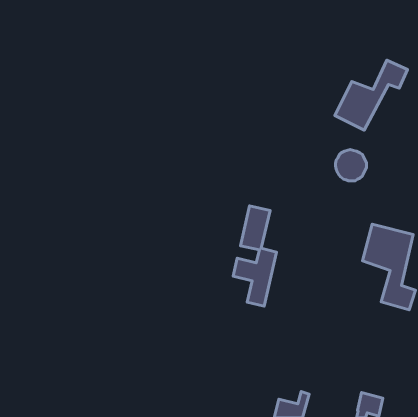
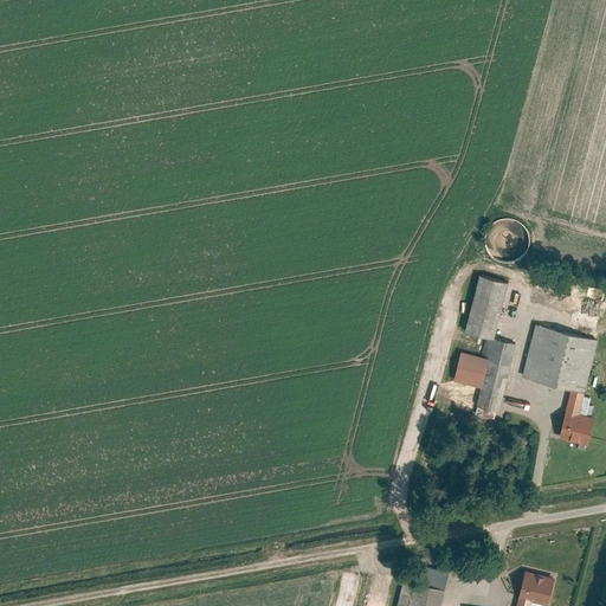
building: [335,60,407,130] -> none
building: [233,206,277,306] -> [452,276,515,421]

